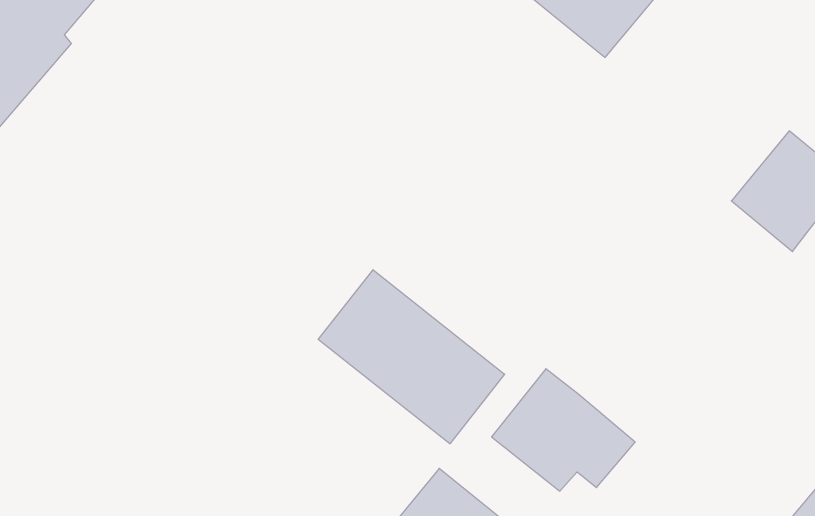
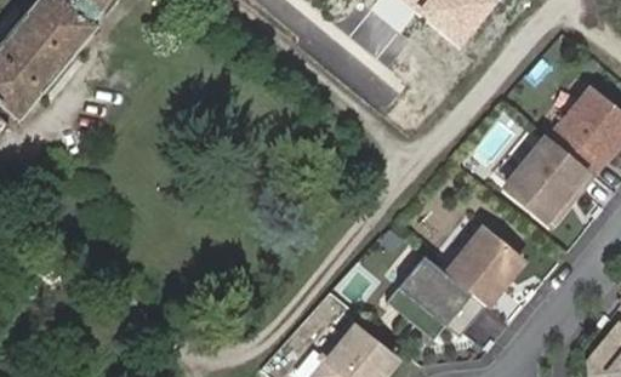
building: none -> [503,138,591,225]
building: [318,270,505,444] -> none
building: none -> [443,230,519,308]

